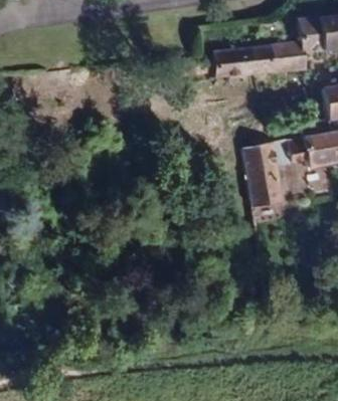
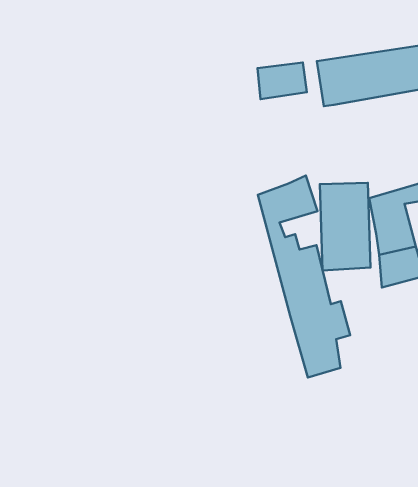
building: none -> [258,175,350,378]

